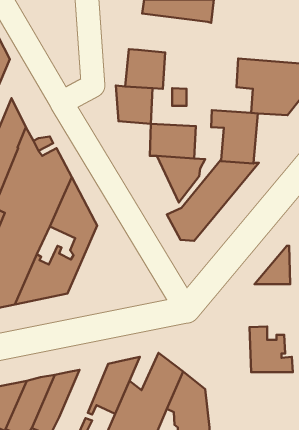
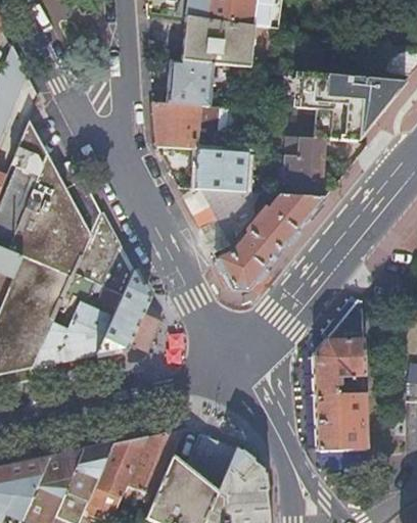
building: none -> [181,16,265,67]
building: none -> [96,272,148,353]
building: none -> [313,342,365,394]
building: none -> [86,438,145,514]

